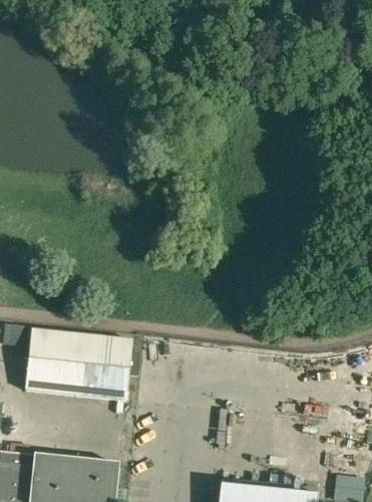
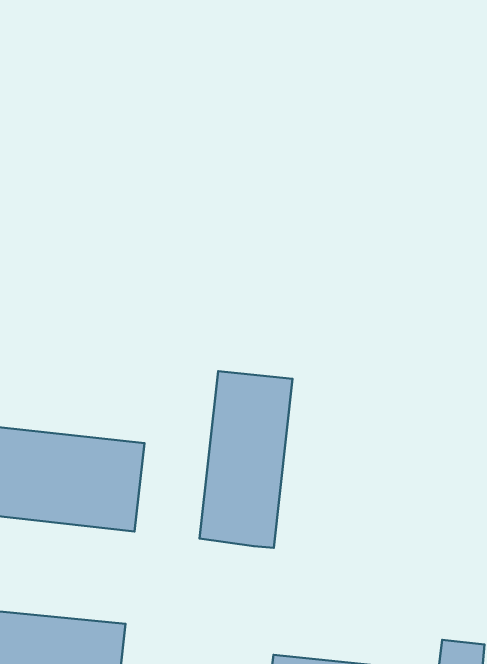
building: none -> [199,371,293,548]

